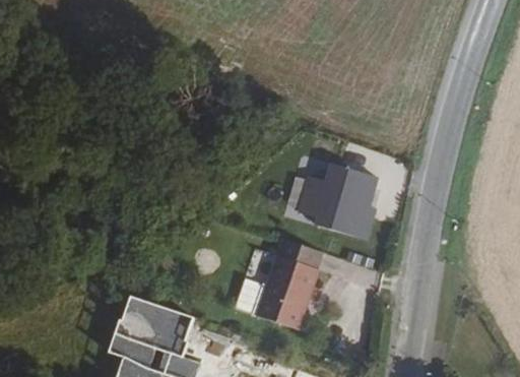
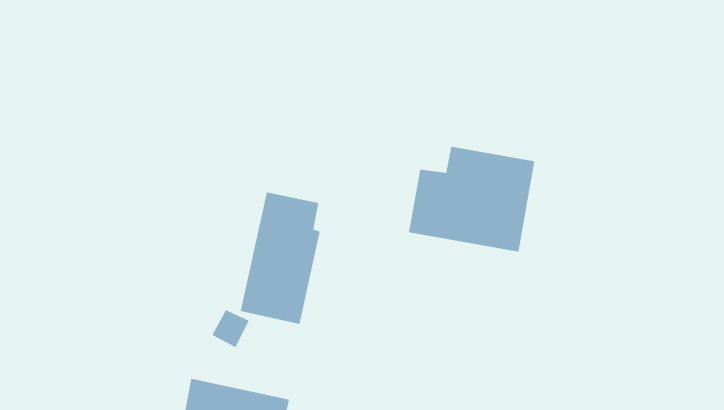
building: [261,239,322,330] -> [240,192,321,324]

